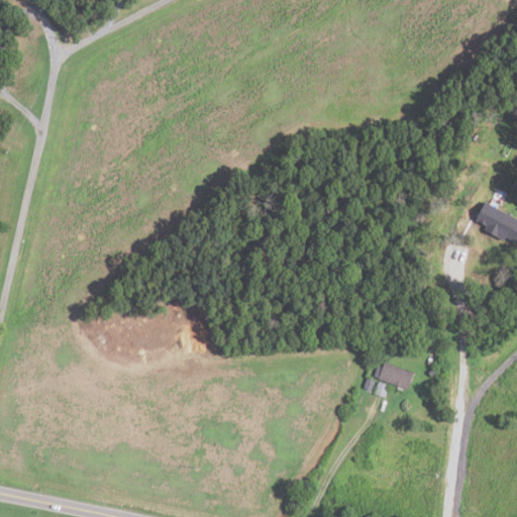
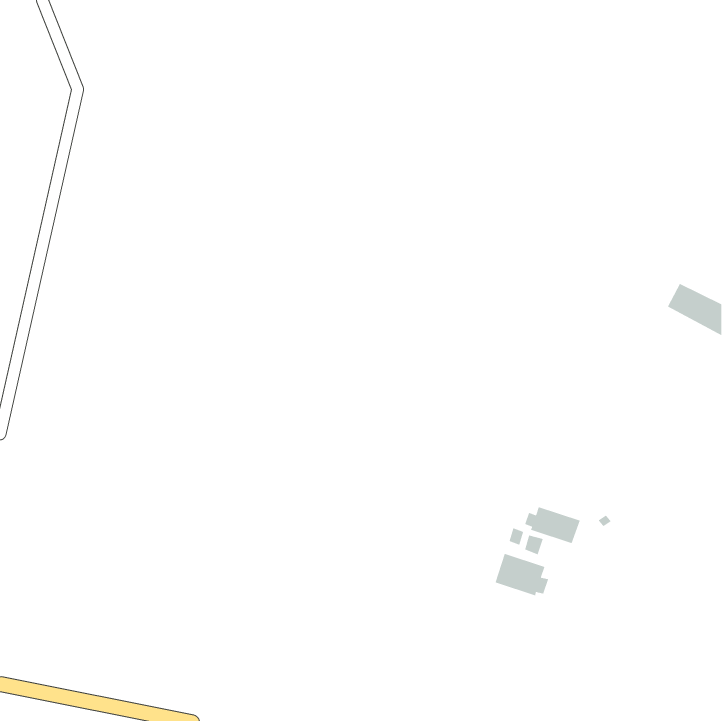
building: none -> [495,553,549,597]

